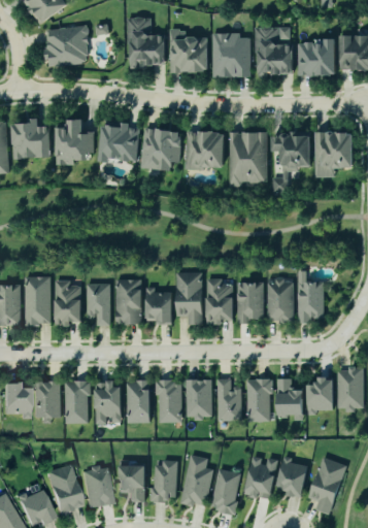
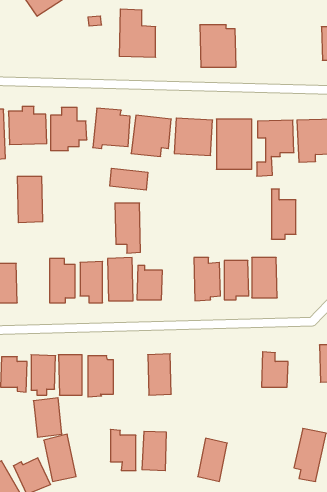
building: [44,26,88,67] -> none
building: [254,27,292,76] -> none
building: [168,29,208,73] -> none
building: [297,40,336,76] -> none
building: none -> [110,168,148,190]
building: [297,269,323,322] -> [271,189,296,239]
building: [175,271,202,324] -> [115,203,140,253]
building: [23,275,49,324] -> [17,176,43,223]
building: [307,376,334,414] -> none
building: [216,377,241,420] -> none
building: [245,377,270,420] -> none
building: [126,378,150,422] -> none
building: [185,378,211,417] -> none
building: [179,453,212,506] -> none
building: [243,455,277,498] -> none
building: [276,456,308,497] -> none
building: [82,465,112,506] -> [33,398,62,437]

